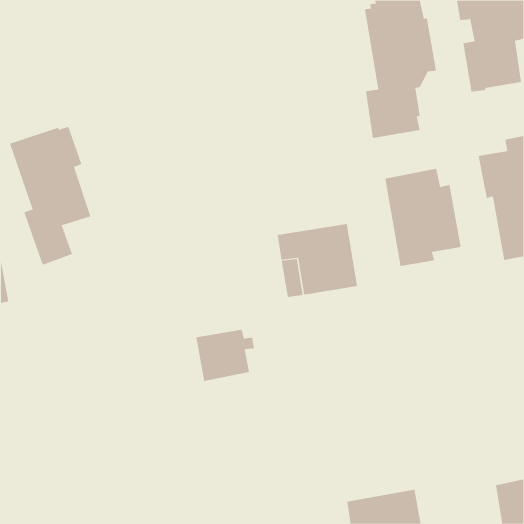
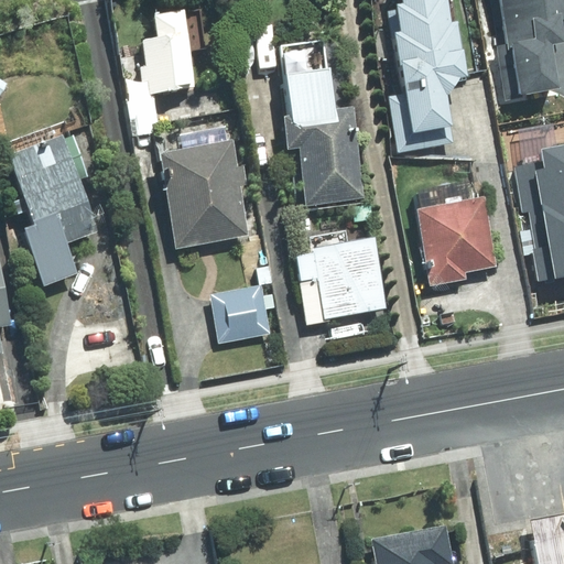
building: none -> [126,11,205,134]
building: none -> [283,42,364,205]
building: none -> [161,128,249,248]
building: [195,329,255,381] -> [210,286,274,343]

